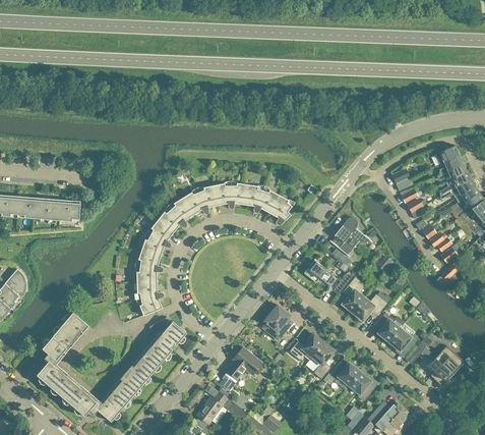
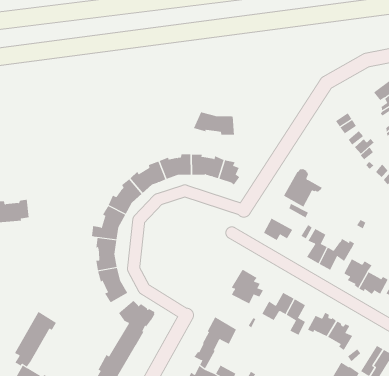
building: none -> [193,111,235,135]

